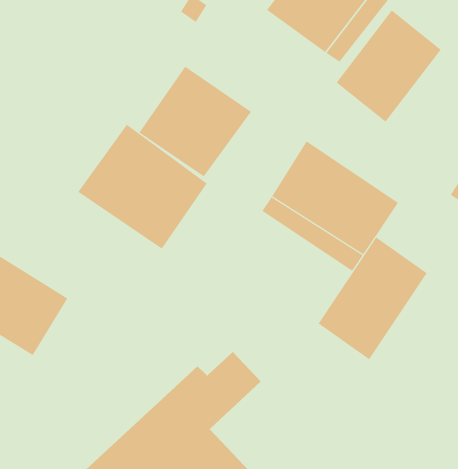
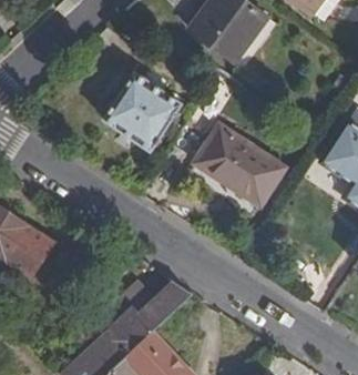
building: [336,9,441,123] -> none
building: [78,124,208,249] -> none
building: [318,237,427,360] -> none

